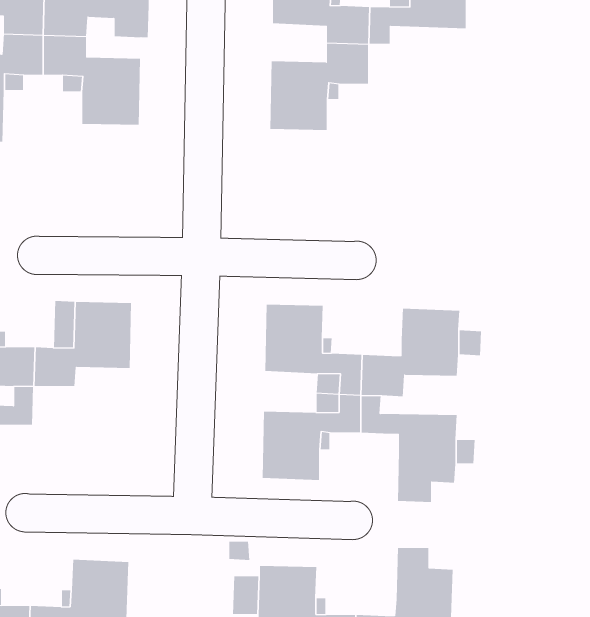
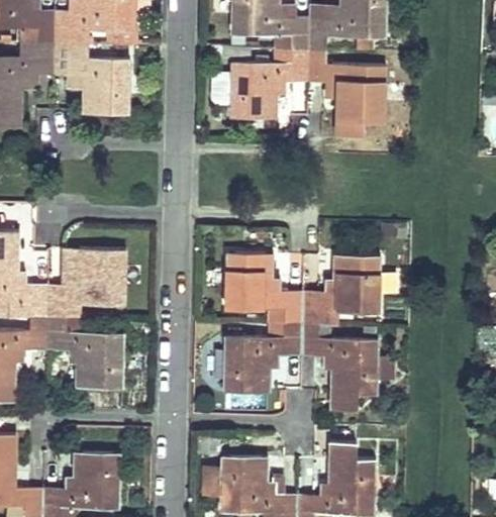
building: none -> [308,49,384,135]
building: none -> [44,318,121,387]

